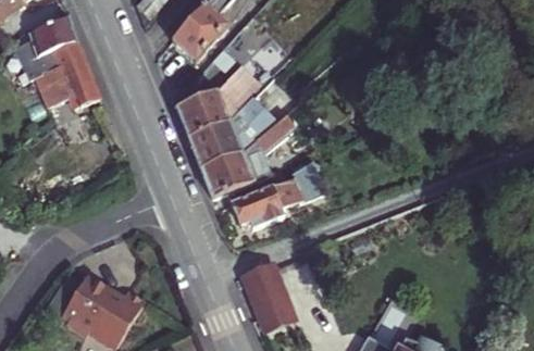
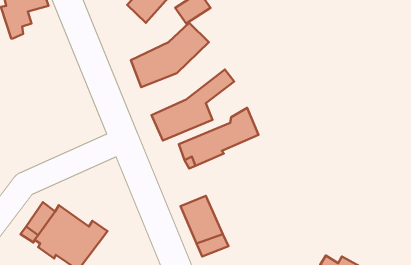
building: [40,40,105,108] -> none
building: [189,77,281,167] -> none

